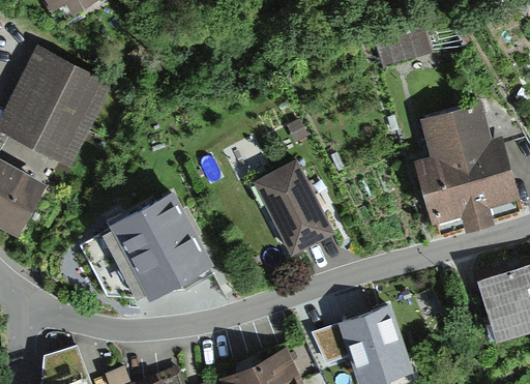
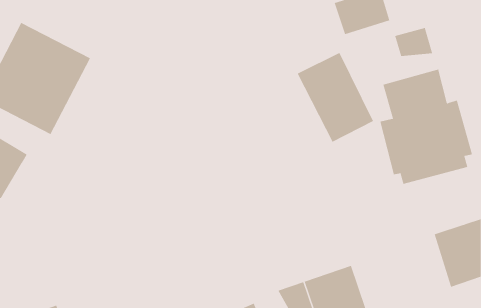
building: none -> [395,27,433,57]
building: [252,154,333,250] -> [297,52,374,142]
building: [80,197,209,304] -> none

